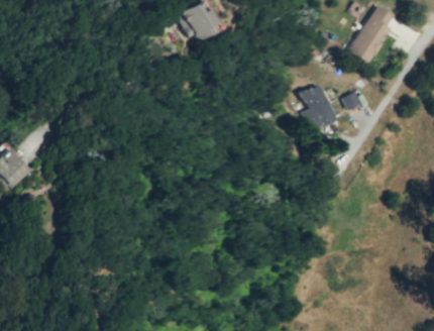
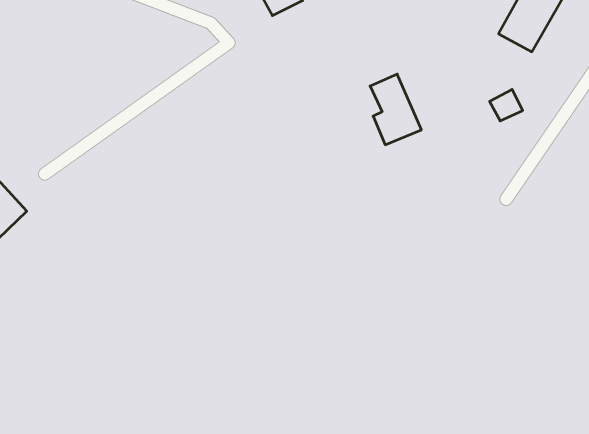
building: [303,84,337,131] -> [370,74,421,145]

